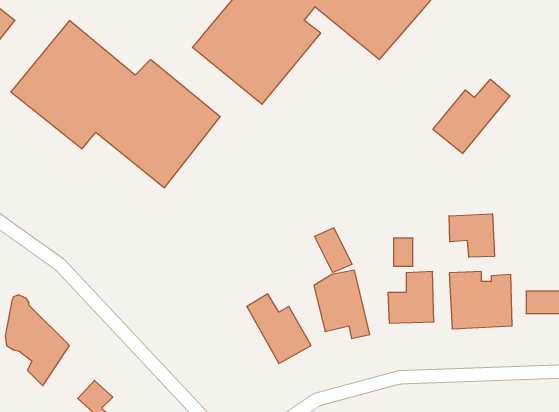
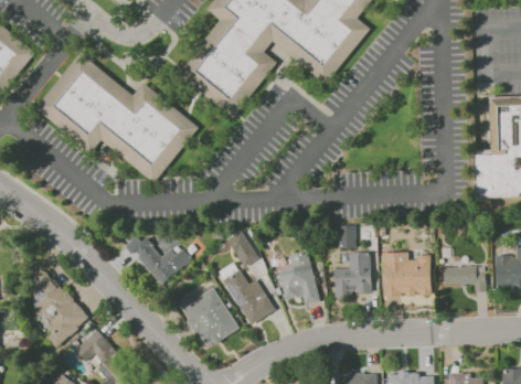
building: [433,79,510,154] -> none
building: [449,214,495,257] -> none
building: [314,228,352,273] -> [226,230,256,265]
building: none -> [125,235,193,285]
building: none -> [180,287,237,346]

